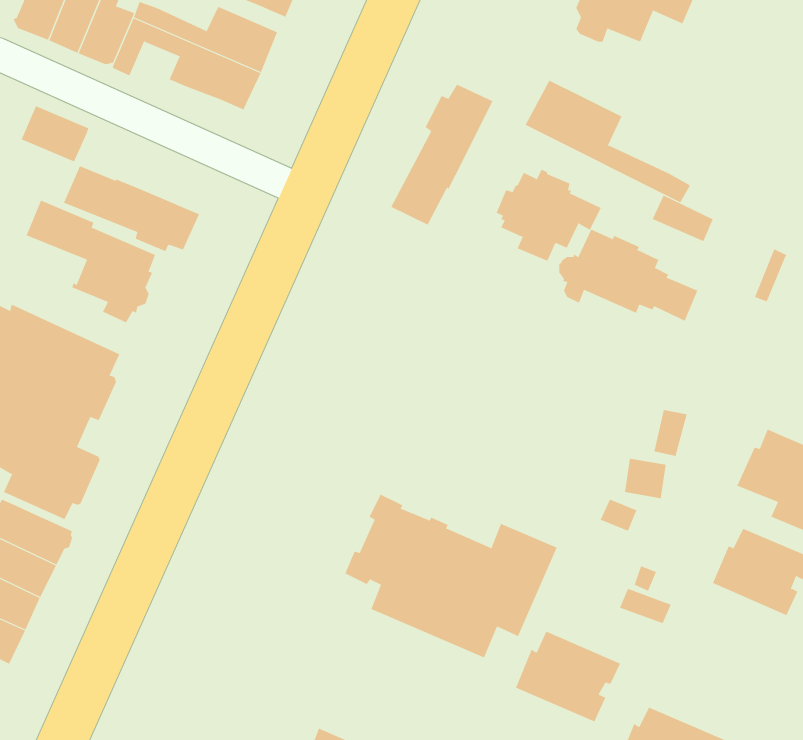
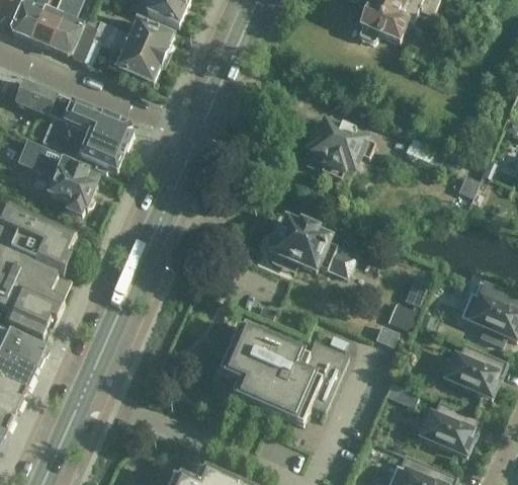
building: [525,80,692,203] -> none
building: [390,84,493,226] -> none
building: none -> [48,97,133,148]
building: [558,229,698,321] -> [267,218,354,275]
building: [515,631,621,722] -> [416,399,482,456]

